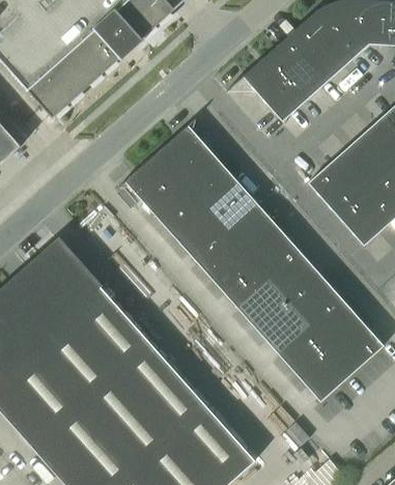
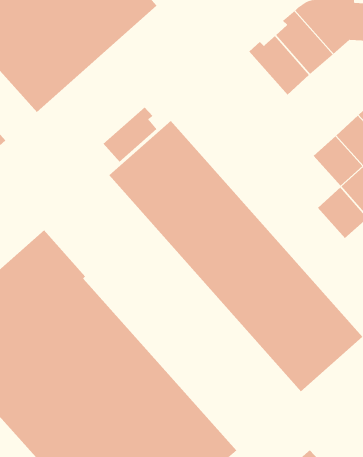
building: [243,56,306,121] -> none
building: none -> [103,107,157,163]
building: [308,162,360,215] -> none

